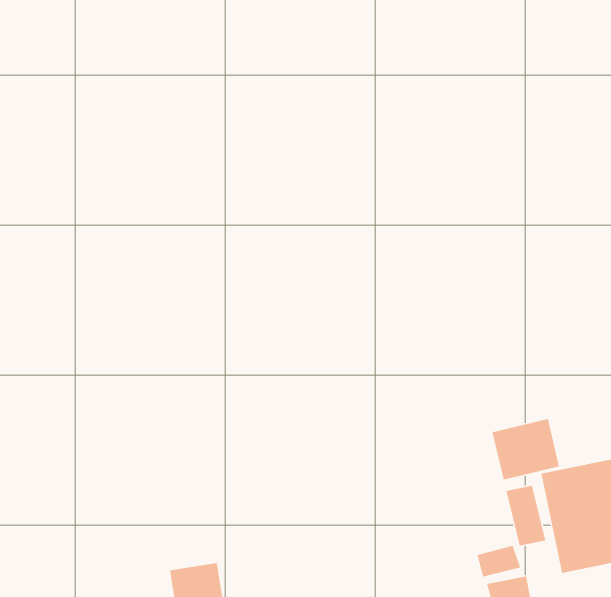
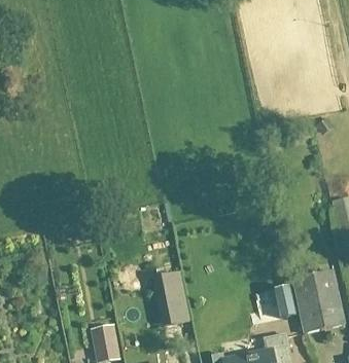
building: [492,418,560,481] -> none
building: none -> [159,271,187,323]

